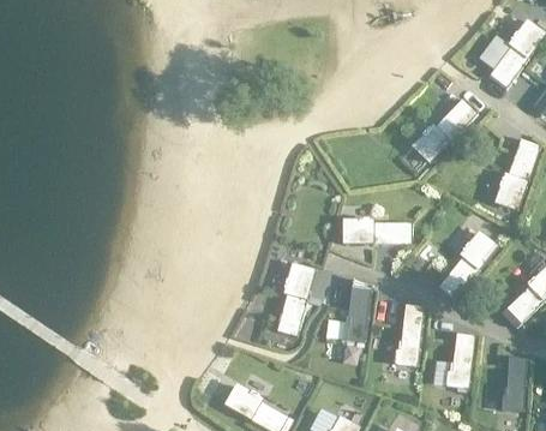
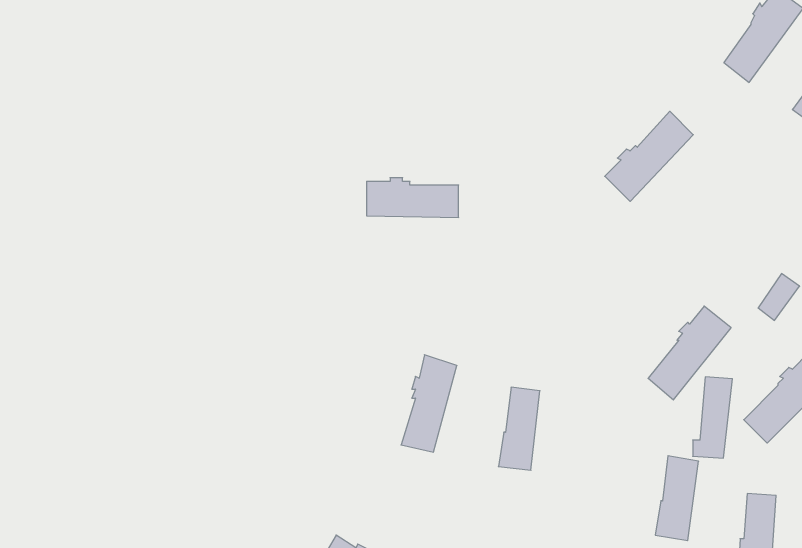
building: [496,144,538,209] -> none
building: [343,217,404,244] -> [367,178,459,217]
building: [395,305,421,359] -> [693,377,732,458]

